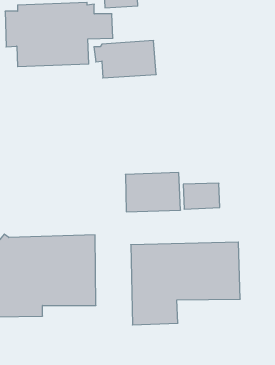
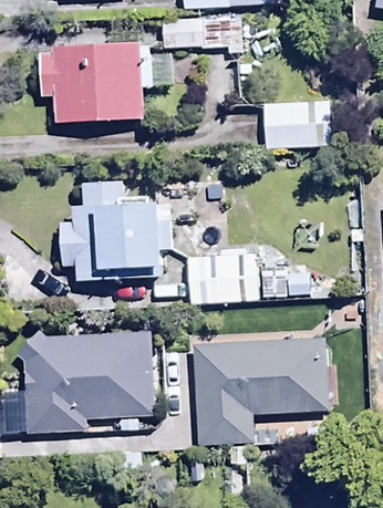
building: [94,41,156,78] -> [252,101,330,147]
building: none -> [60,180,186,298]

